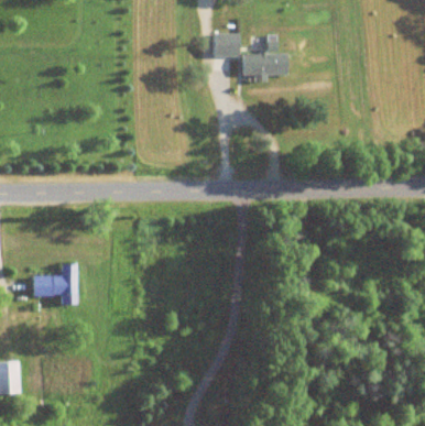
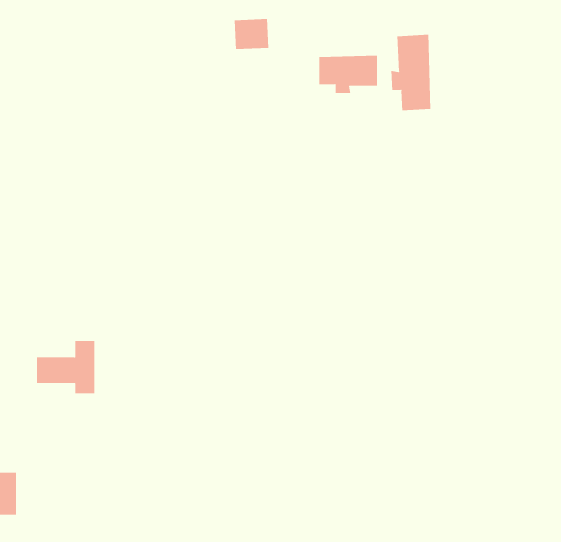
building: [214,32,240,55] -> [234,19,269,50]
building: none -> [391,34,431,111]

